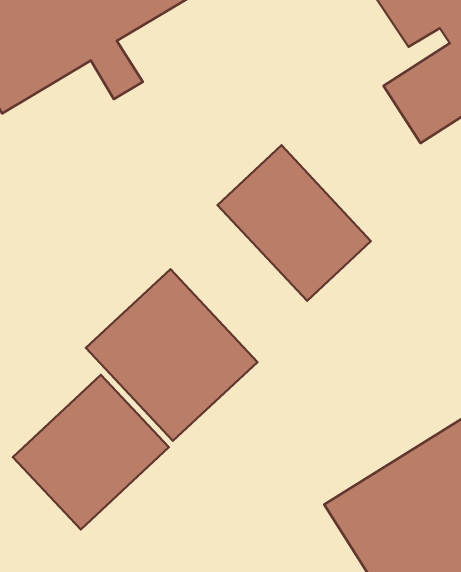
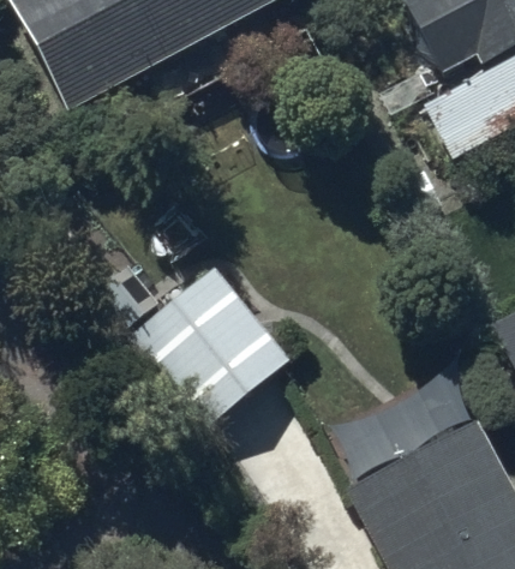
building: [218,145,371,301] -> none
building: [13,375,169,529] -> none

